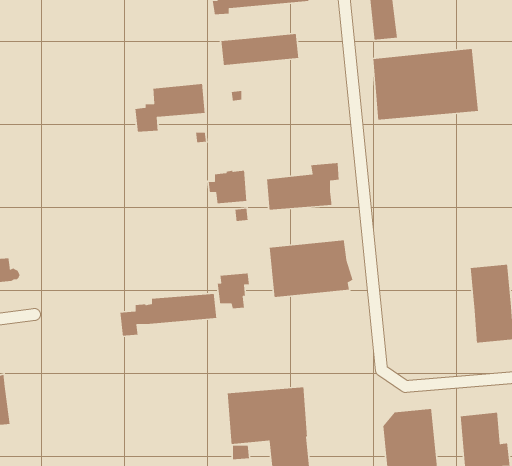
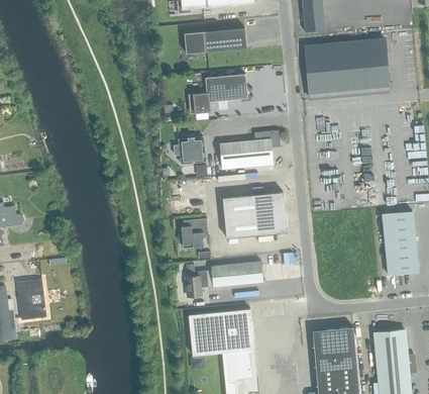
building: [135,83,205,133] -> [191,74,247,113]
building: [120,293,217,336] -> [186,262,263,296]
building: none -> [16,279,46,319]

